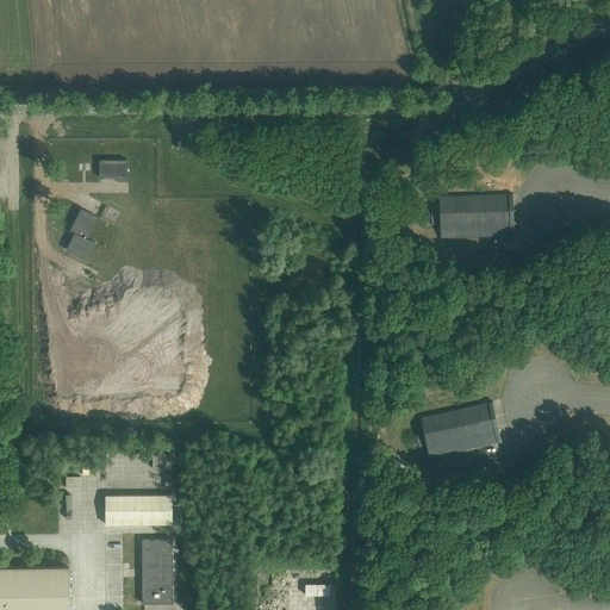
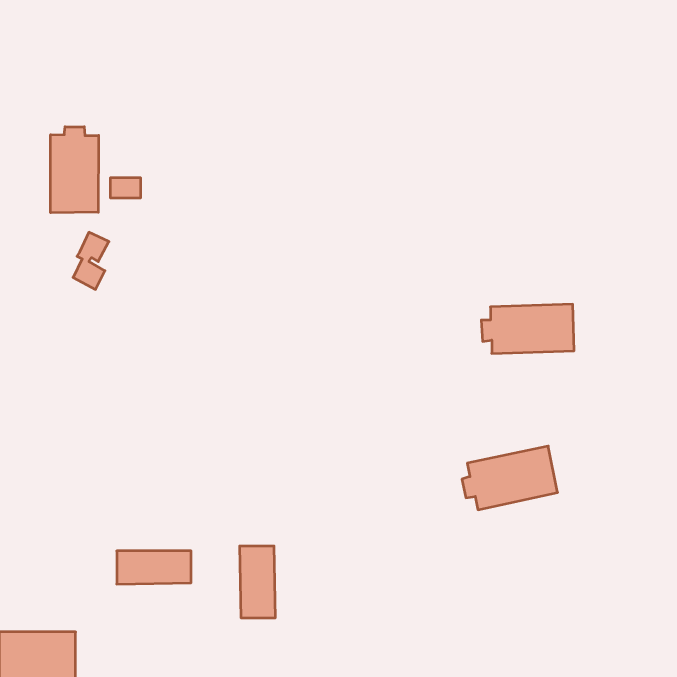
building: none -> [51,127,99,213]
building: [430,194,513,238] -> [481,304,574,353]
building: [141,540,173,604] -> [240,546,275,618]

